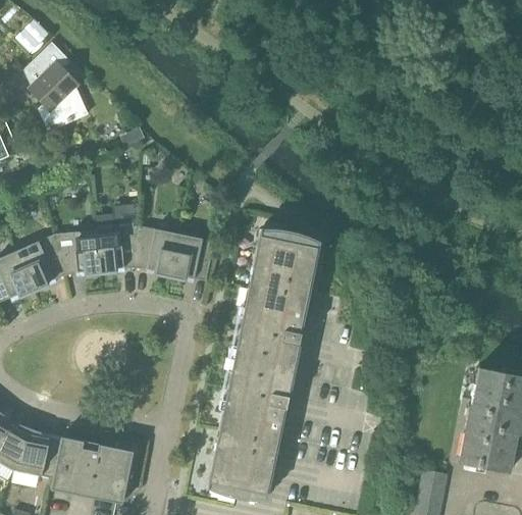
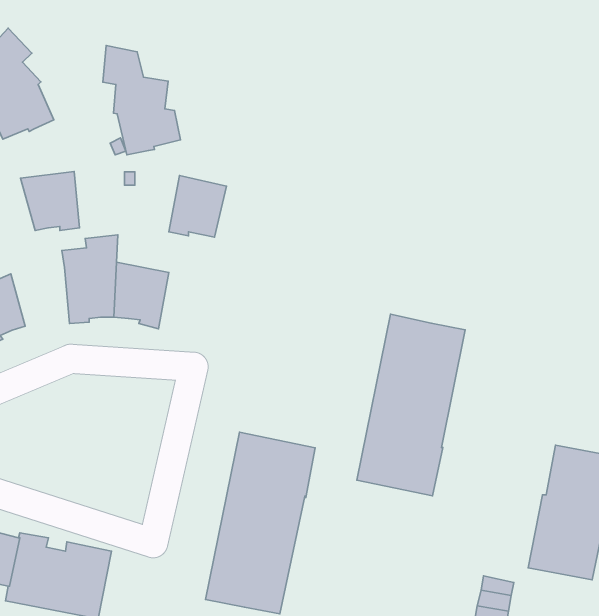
building: none -> [103,45,181,155]
building: [233,228,318,370] -> [357,314,465,496]
building: [55,229,101,275] -> [21,172,79,230]
building: [170,234,215,281] -> [169,176,226,237]

